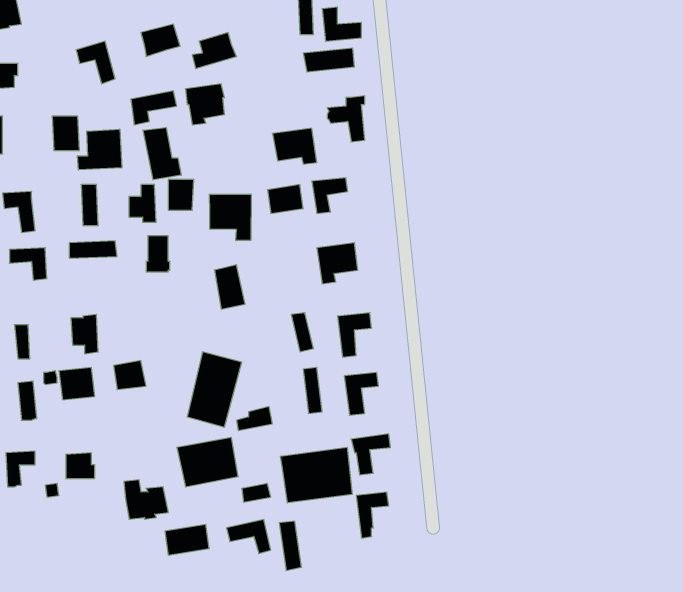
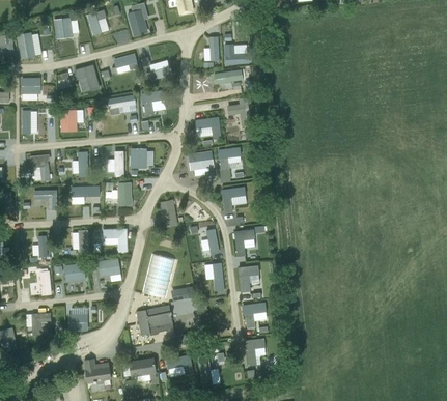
building: [143,127,181,180] -> none
building: [78,129,122,170] -> none
building: [210,194,251,241] -> none
building: none -> [103,228,127,251]
building: [280,447,352,503] -> none
building: [124,480,168,519] -> [84,359,111,382]

